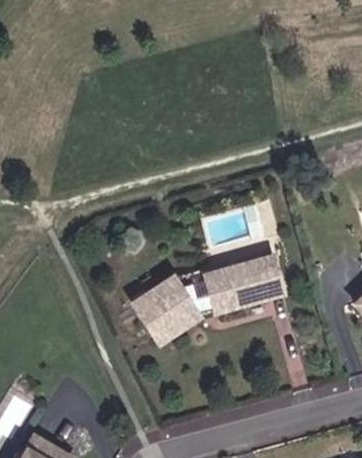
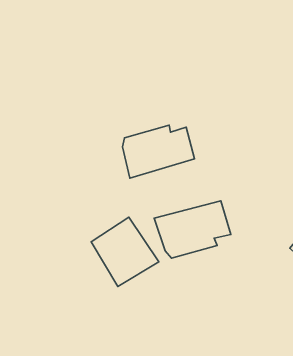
building: none -> [123,125,195,178]

